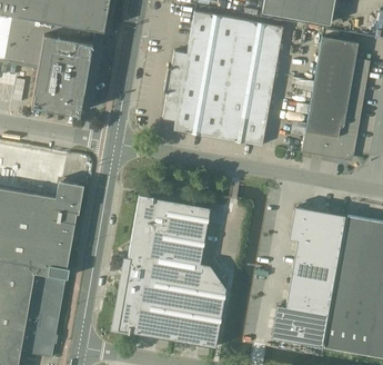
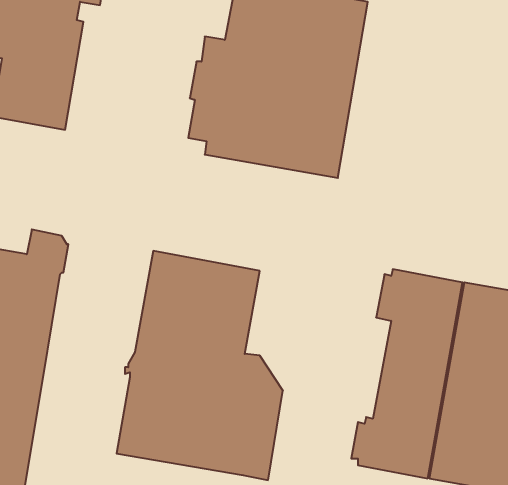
building: [301,37,370,160] -> none

